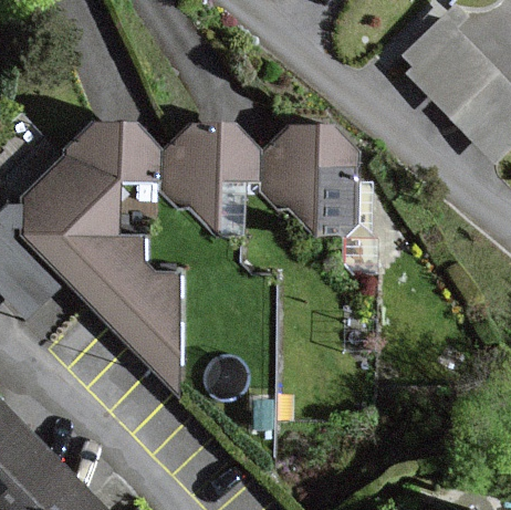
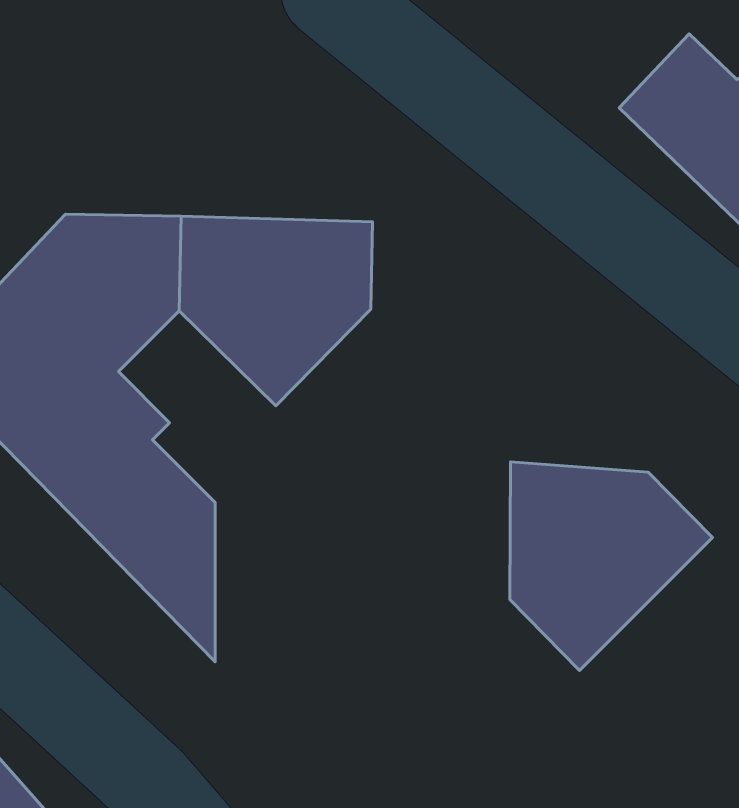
building: [265,134,386,239] -> none
building: none -> [510,462,713,671]

